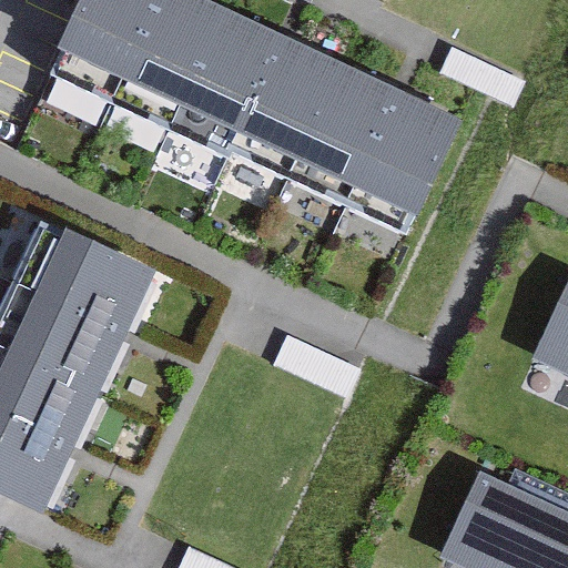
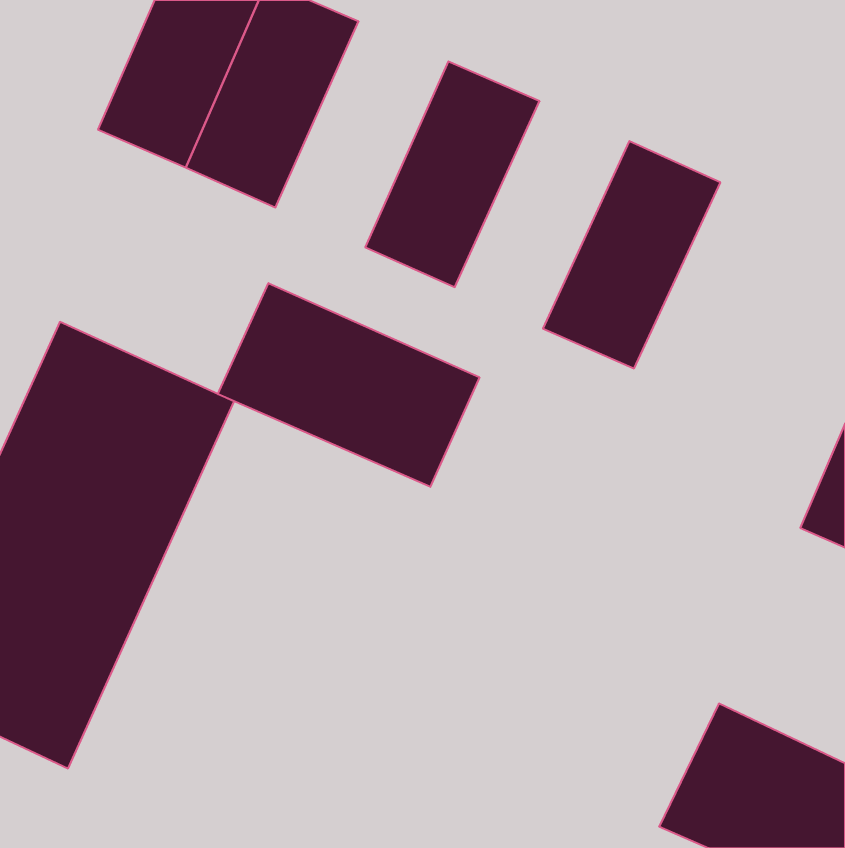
building: [184,14,300,165] -> none
building: [304,68,420,220] -> none
building: none -> [218,283,479,487]

